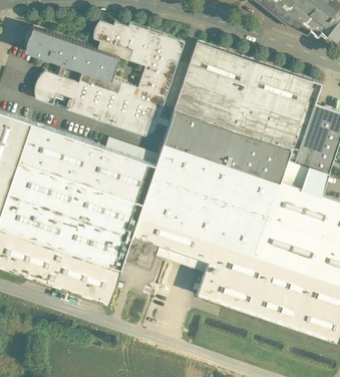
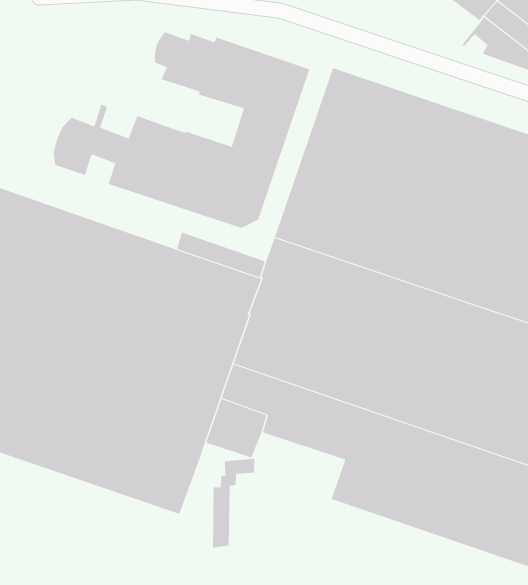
building: [25,26,119,79] -> none
building: none -> [212,458,255,548]

